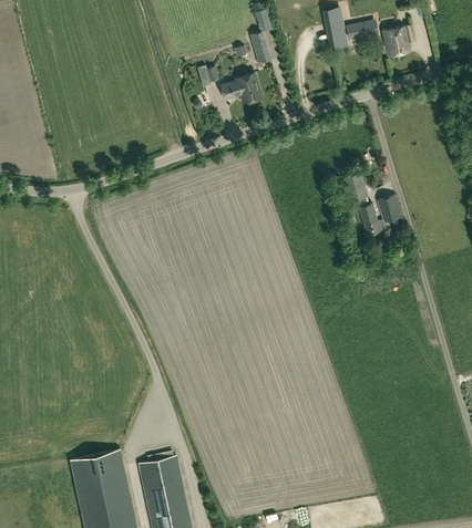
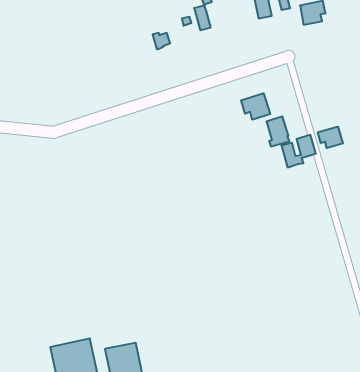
building: [220,72,261,103] -> none
building: none -> [241,93,270,120]
building: none -> [318,127,343,148]

